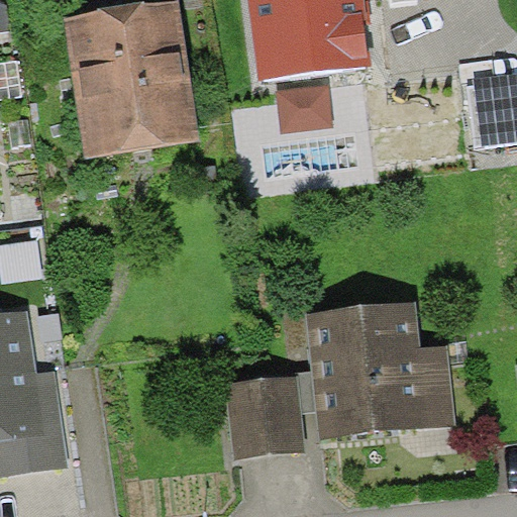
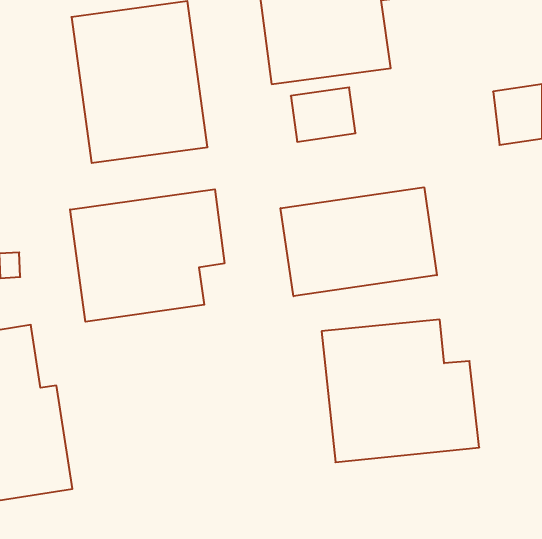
building: none -> [281,187,437,296]
building: none -> [70,189,224,322]
building: [224,376,301,452] -> none

